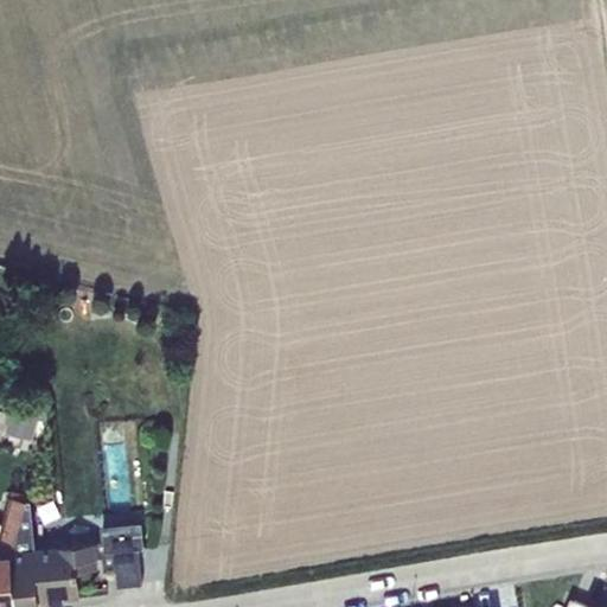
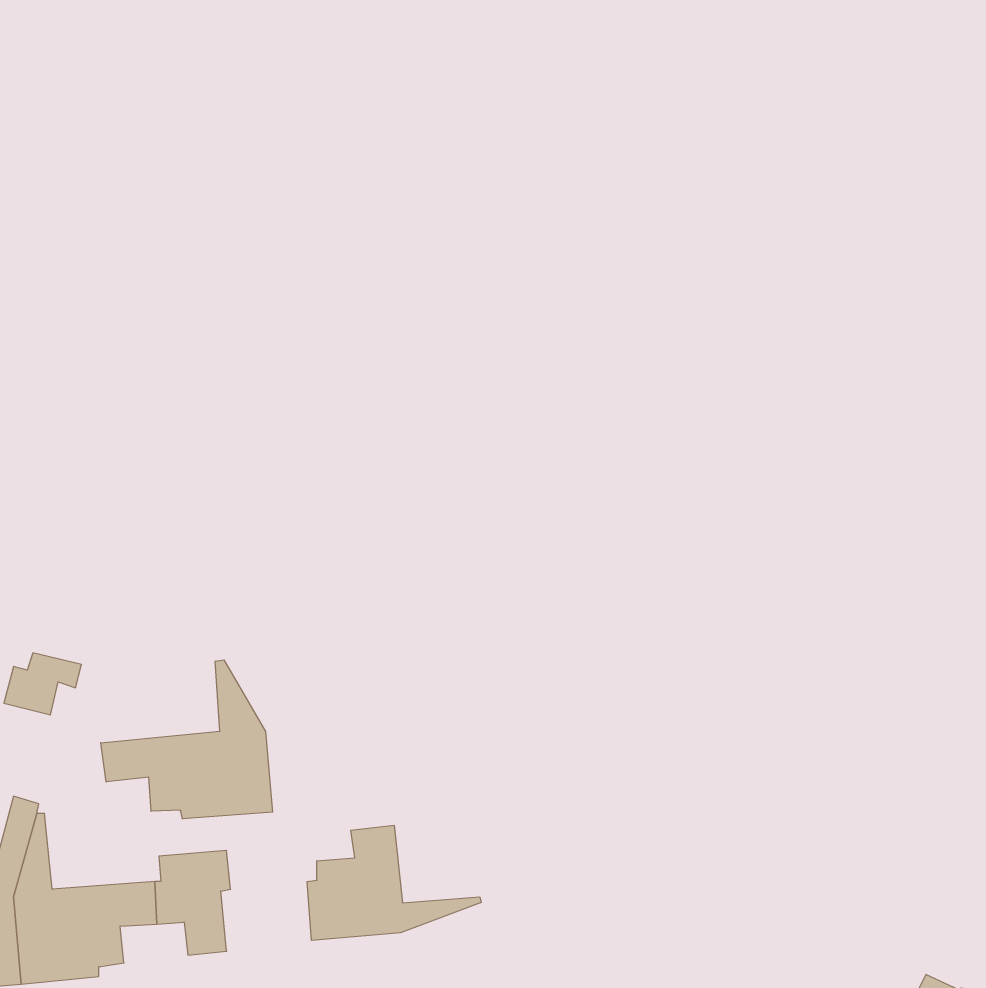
building: none -> [101,660,273,819]
building: none -> [307,825,481,940]

